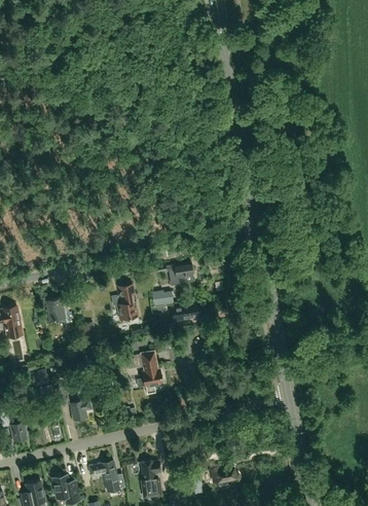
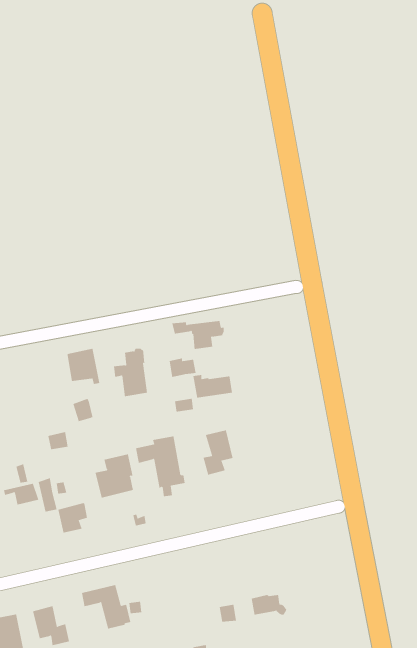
building: [46,296,71,323] -> [67,348,100,384]
building: none -> [203,430,233,476]
building: none -> [95,454,133,498]
building: [140,462,162,498] -> none

